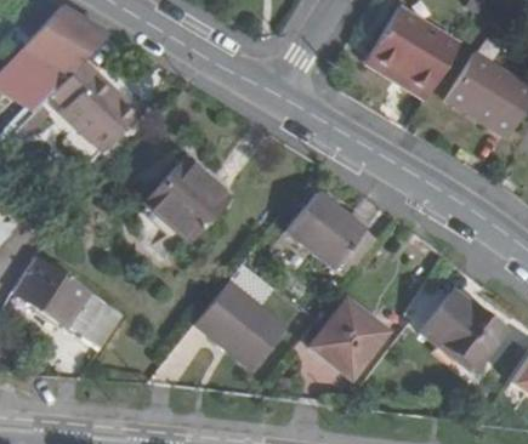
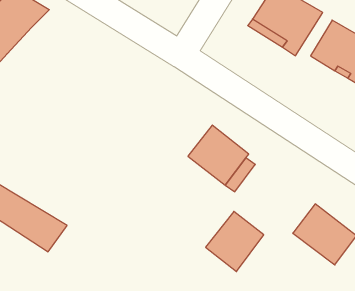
building: [52,61,140,152] -> none
building: [146,159,229,241] -> none
building: [197,278,286,365] -> none

